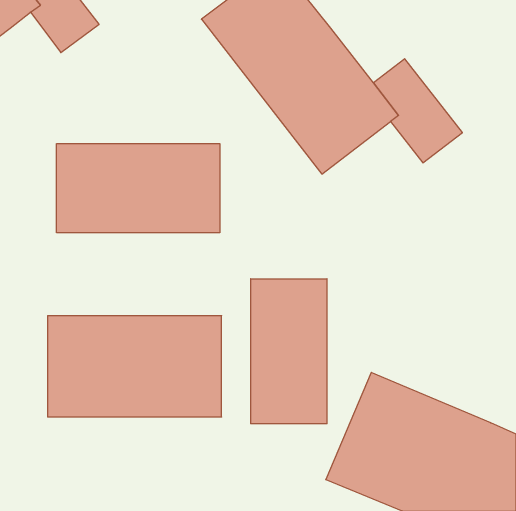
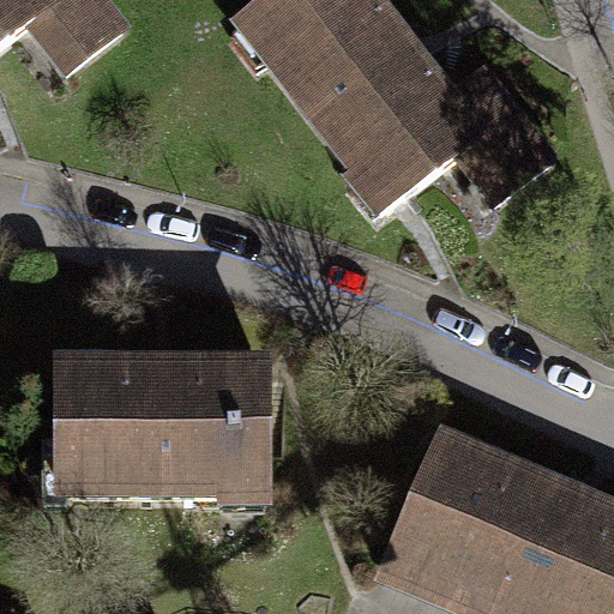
building: [57,144,220,233] -> none
building: [251,279,327,424] -> none

